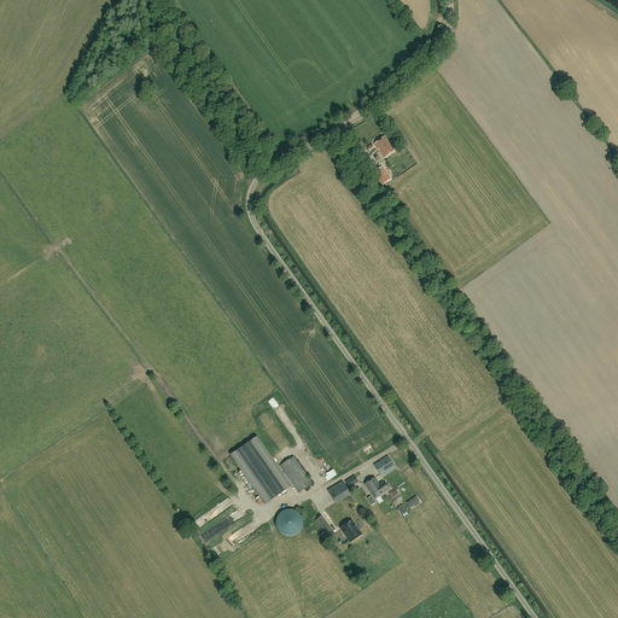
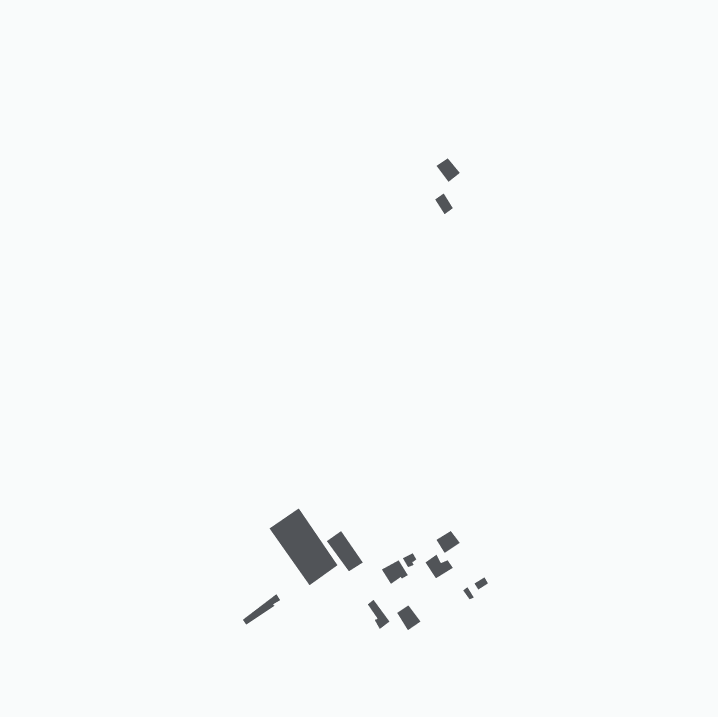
building: [275,508,303,536] -> none

